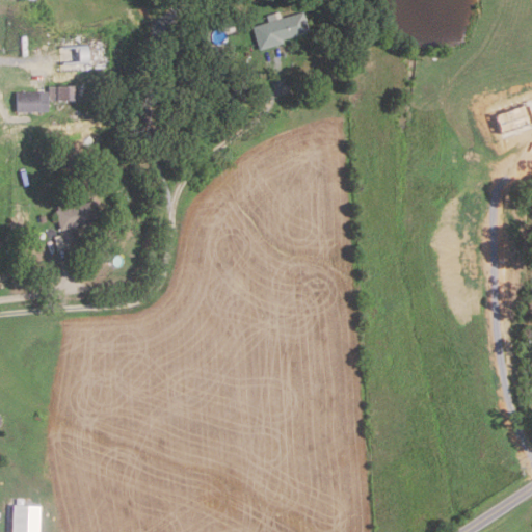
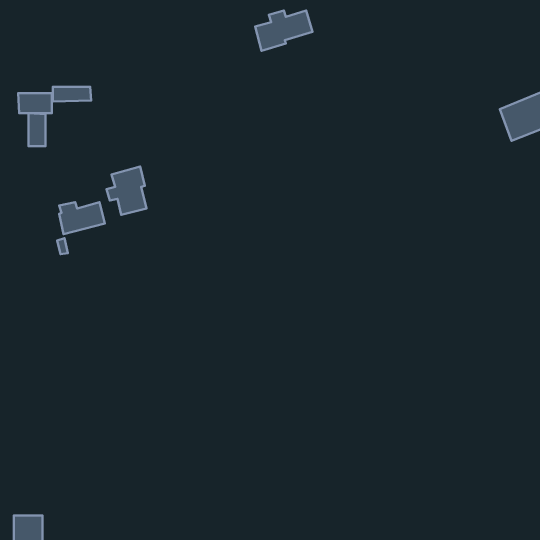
building: none -> [29,113,46,146]
building: none -> [107,167,146,215]

